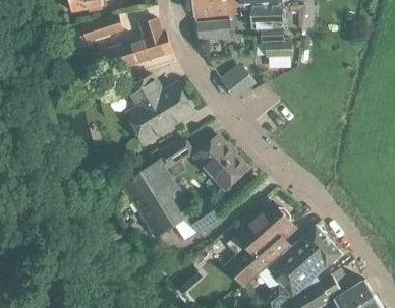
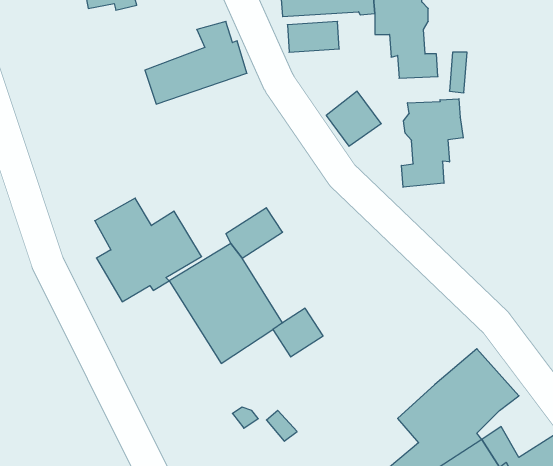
building: [82,14,122,42] -> none
building: none -> [401,99,463,187]
building: [127,75,194,140] -> [95,198,202,302]
building: [194,137,247,191] -> none
building: [226,204,294,289] -> none

